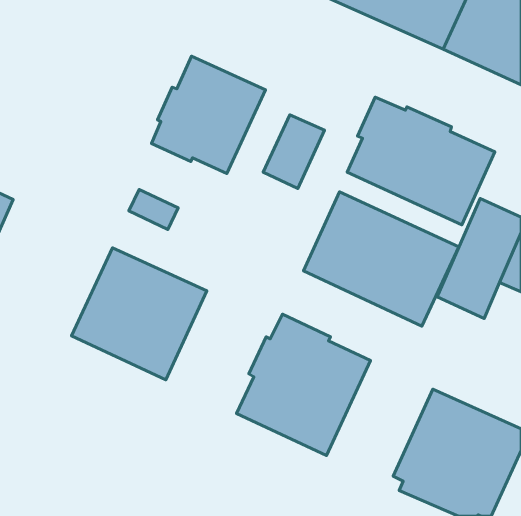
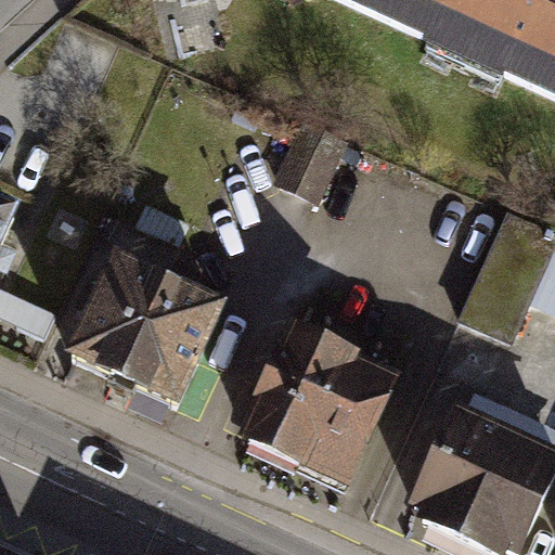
building: [151,56,265,174] -> none
building: [347,97,495,225] -> none
building: [303,192,459,326] -> none

